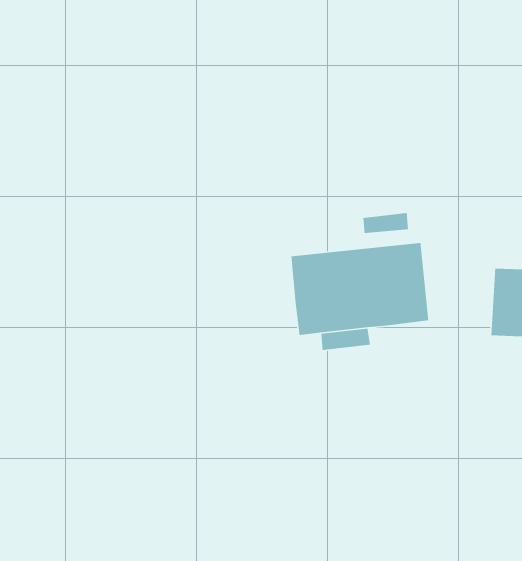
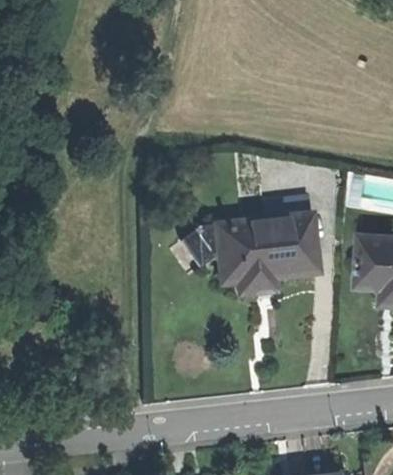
building: none -> [181,226,219,267]

